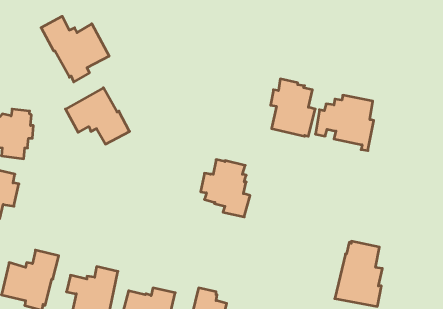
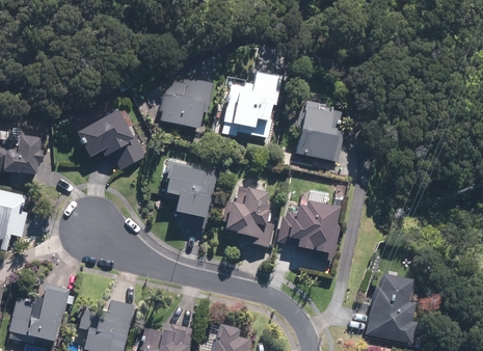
building: [41,16,109,82] -> none
building: none -> [224,70,283,137]
building: none -> [160,77,215,128]
building: [315,95,374,151] -> [276,201,339,261]
building: none -> [165,161,218,228]

